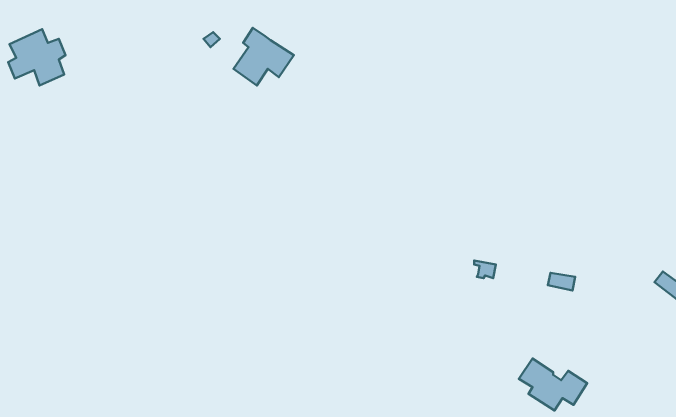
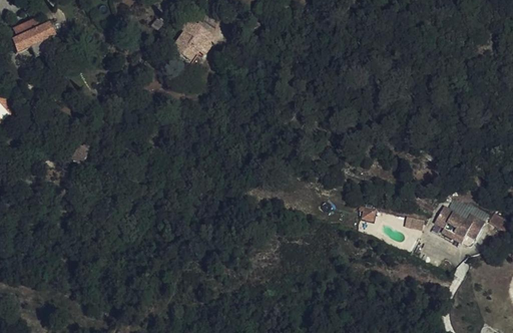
building: [519,358,587,410] -> [431,197,481,235]

